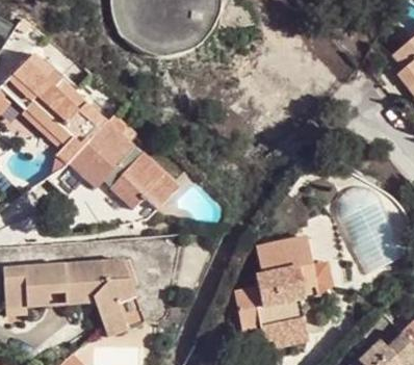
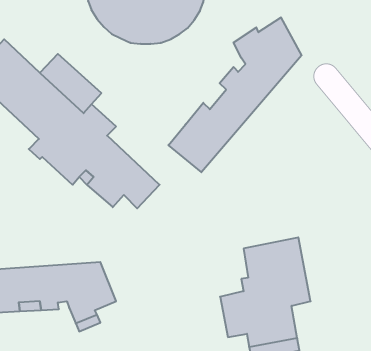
building: none -> [168,17,302,172]

